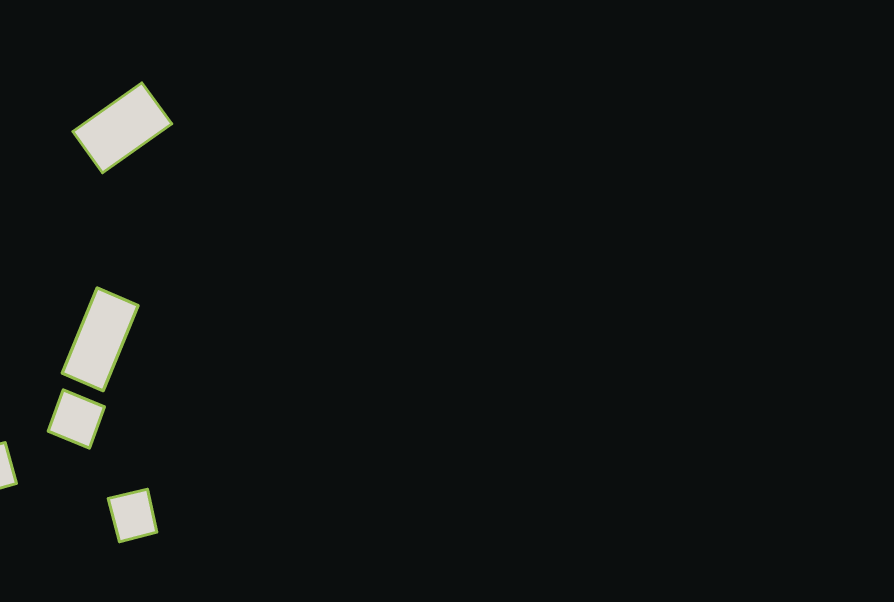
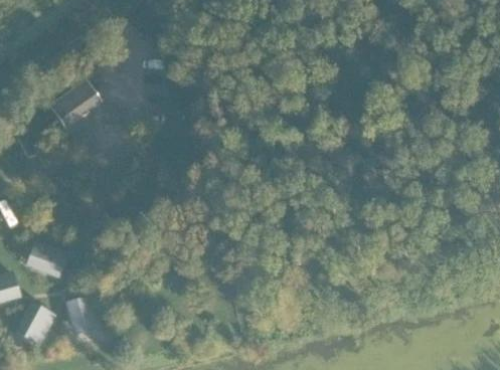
building: [62,288,138,391] -> none
building: none -> [20,306,52,338]

